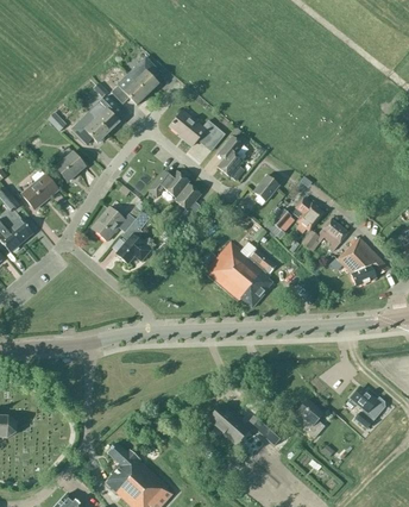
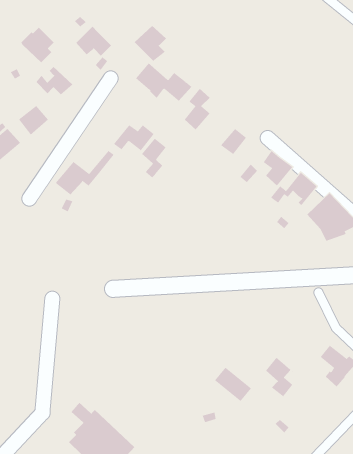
building: [127,58,159,94] -> [134,25,167,62]
building: [88,96,121,132] -> [21,27,55,63]
building: [114,211,150,264] -> none
building: [203,242,275,308] -> none
building: [207,405,243,439] -> none

